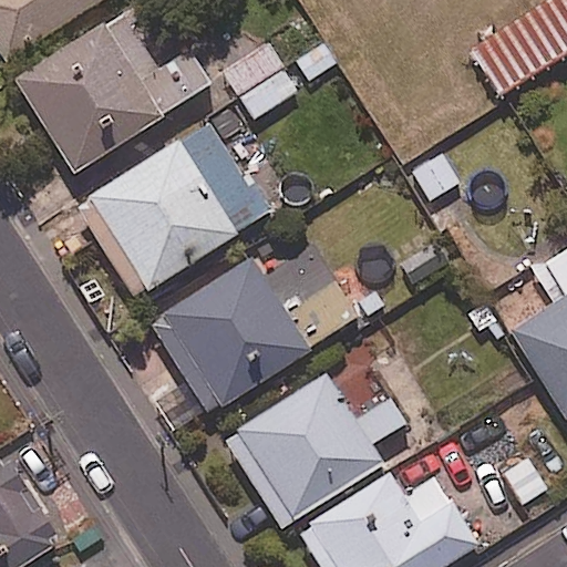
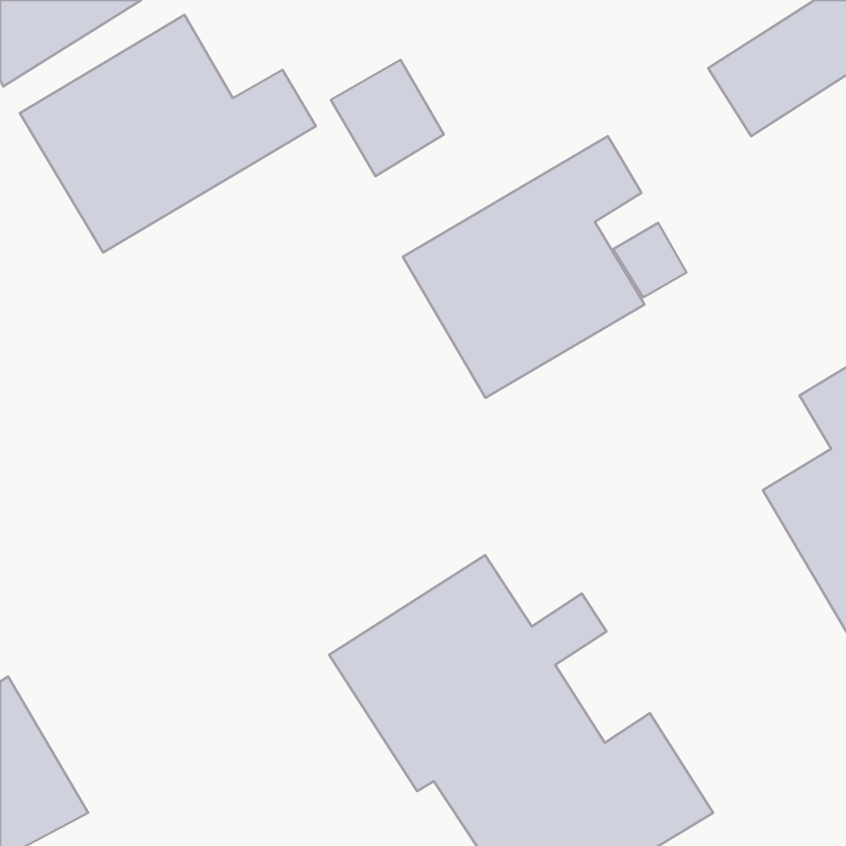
building: none -> [403,136,645,398]
building: [89,117,271,295] -> none
building: [163,256,360,405] -> none

